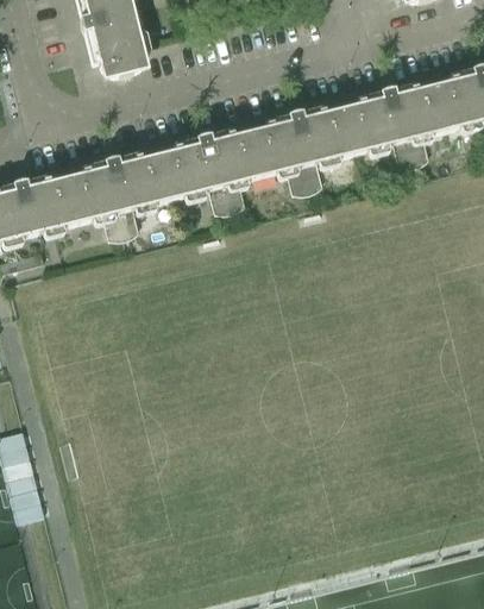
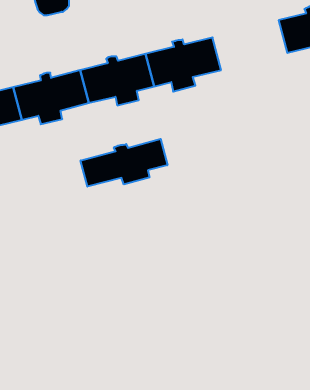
building: [342,82,446,153] -> none
building: none -> [81,139,167,187]

